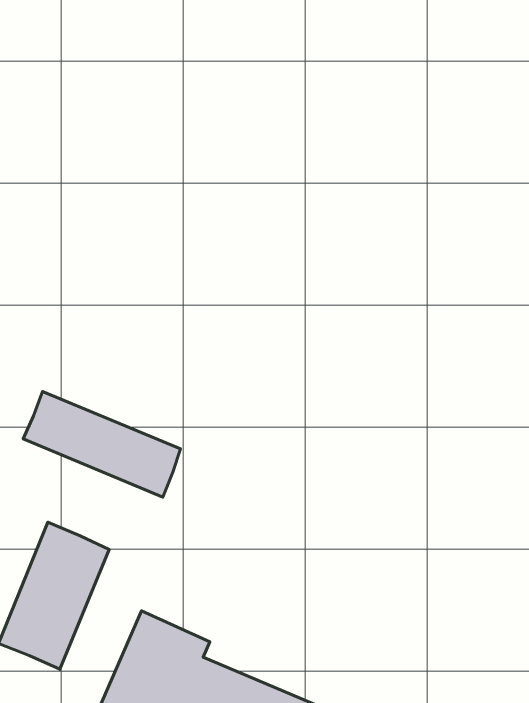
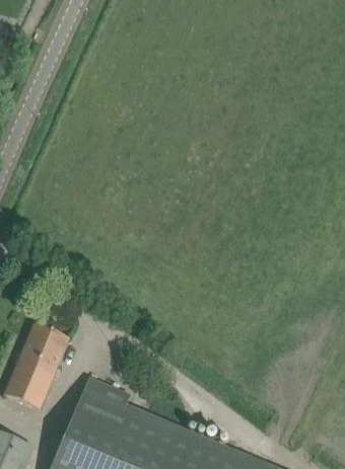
building: [23,392,181,497] -> none

